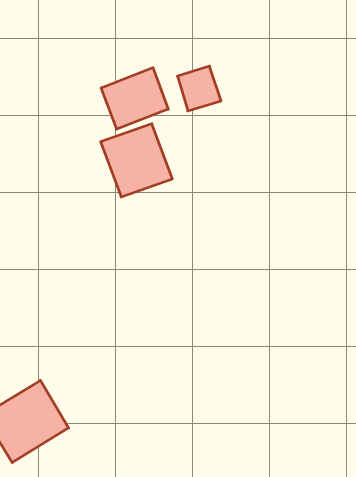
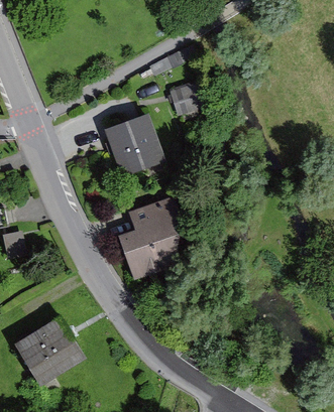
building: [101,68,168,129] -> none
building: none -> [120,197,179,277]

